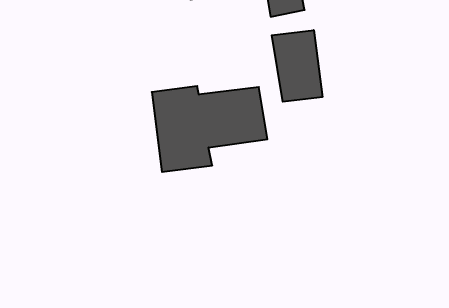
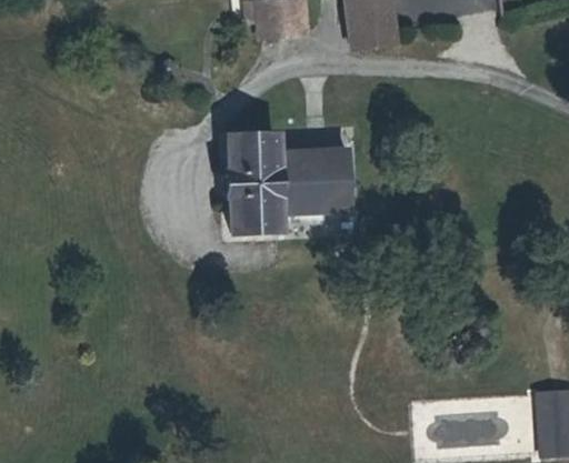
building: [272,30,322,102] -> none

